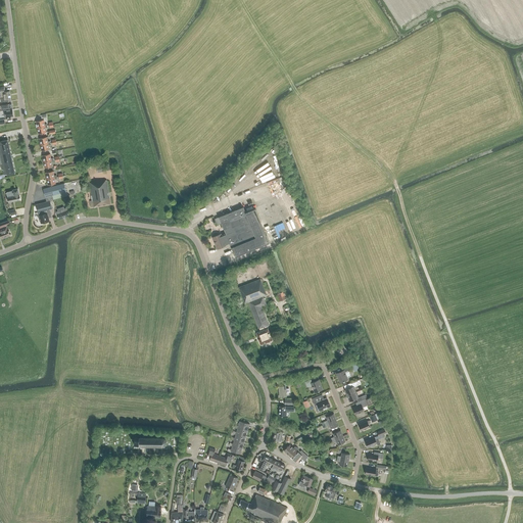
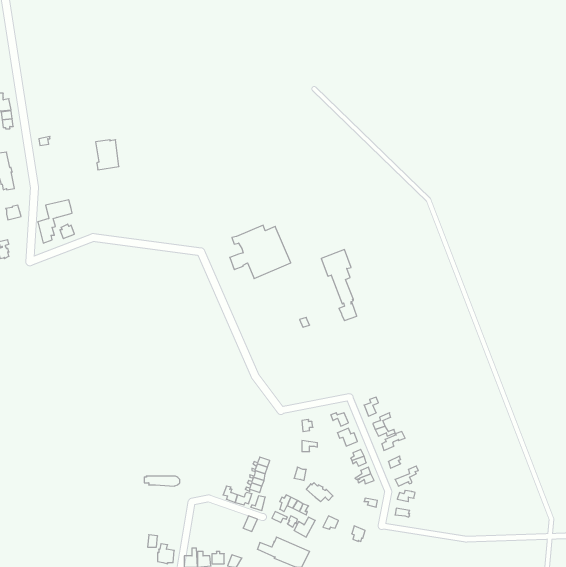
building: [88,180,109,207] -> [96,140,119,170]
building: [238,279,271,344] -> [321,250,357,321]

